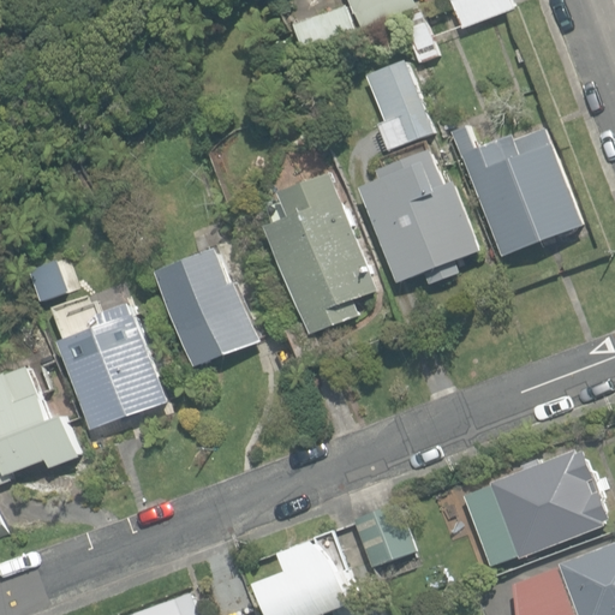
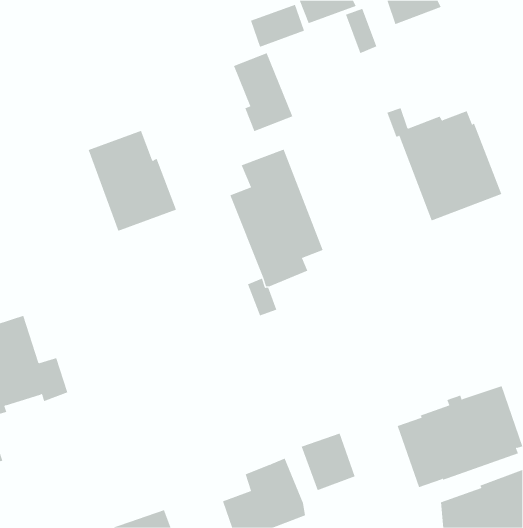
building: [363,59,432,151] -> [233,52,293,132]
building: [359,150,478,285] -> none
building: [157,249,261,366] -> [88,130,177,232]
building: [58,303,167,430] -> none

